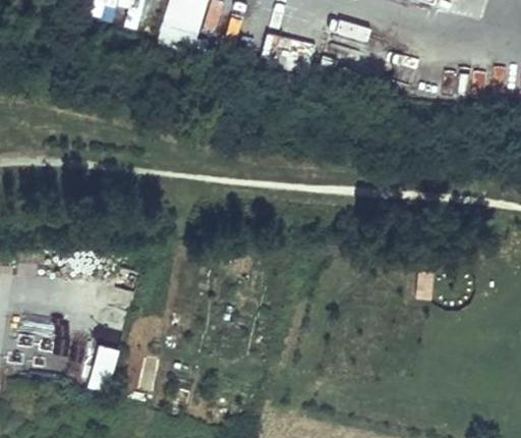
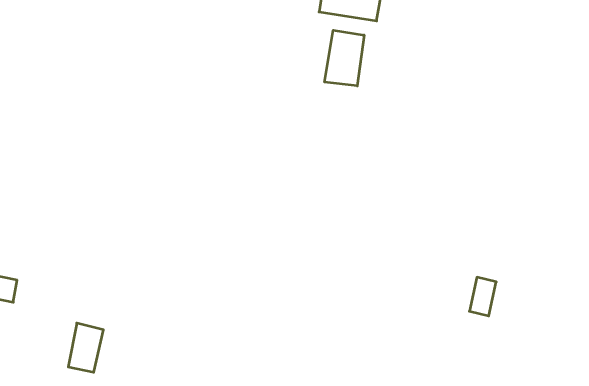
building: none -> [325,30,364,86]

